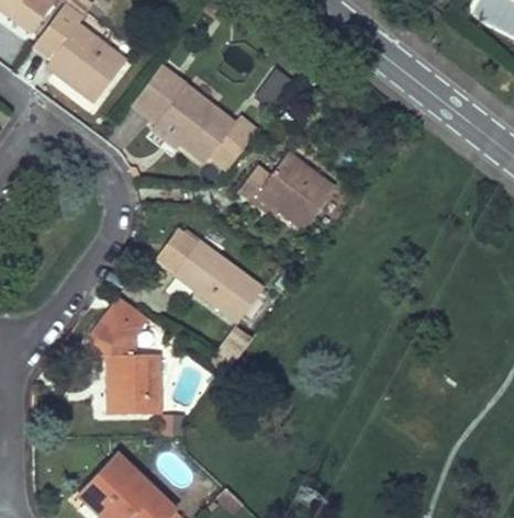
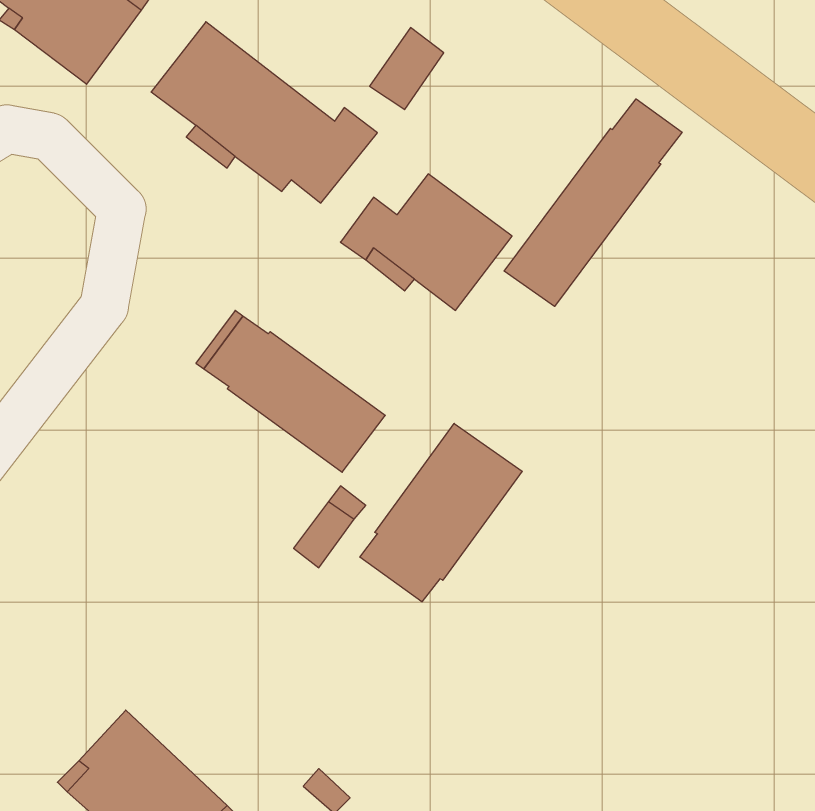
building: none -> [504,99,682,306]
building: none -> [360,423,522,602]
building: [91,296,159,415] -> none

